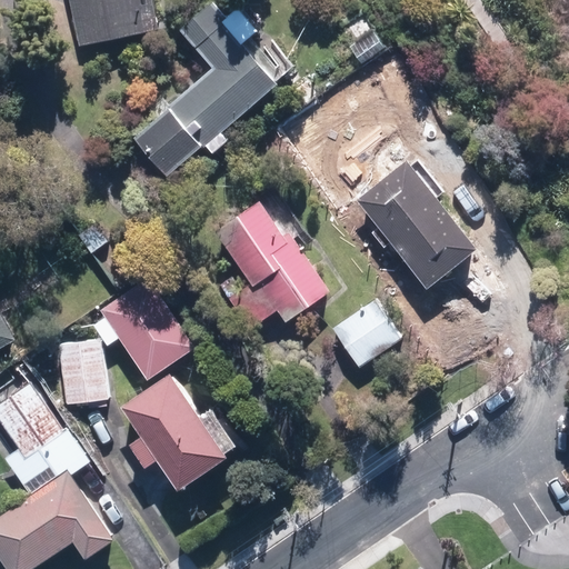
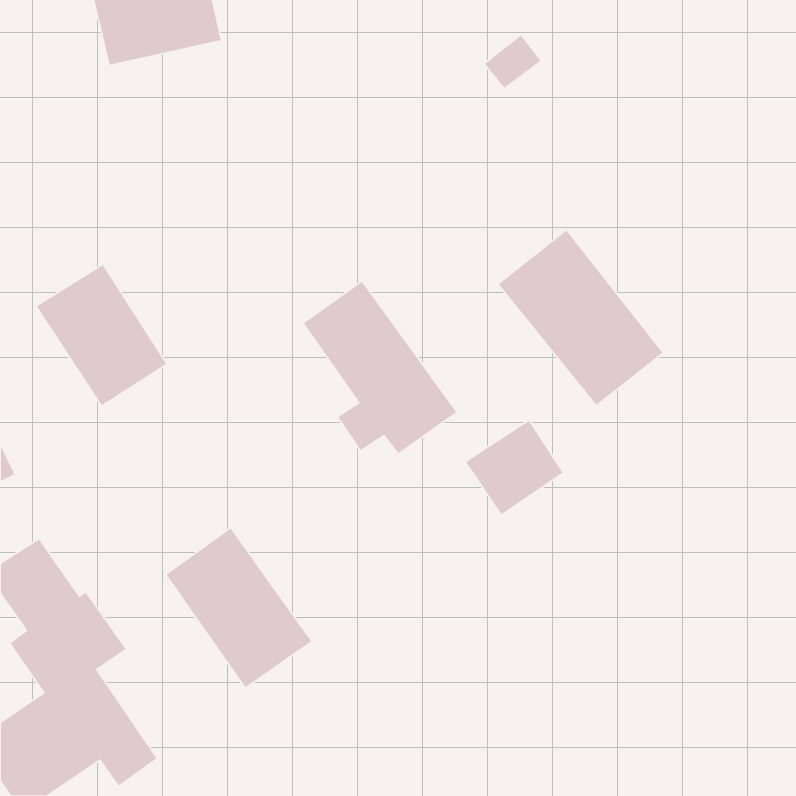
building: [131,6,276,177] -> none
building: [100,279,193,380] -> [36,264,167,406]
building: [59,339,108,406] -> none

